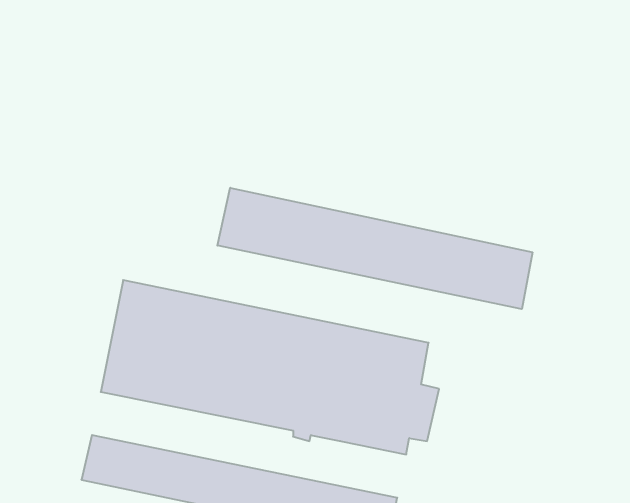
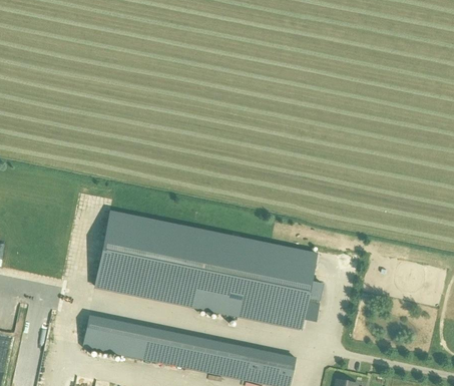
building: [217,188,532,309] -> none

